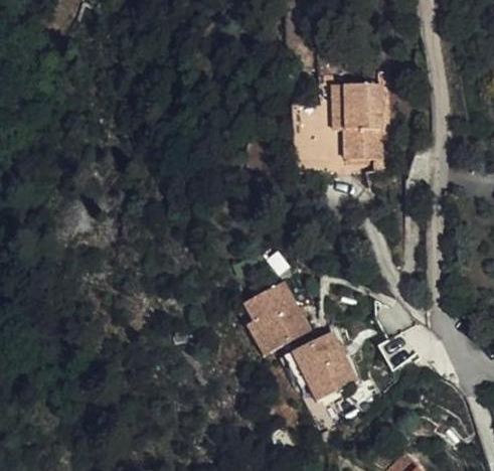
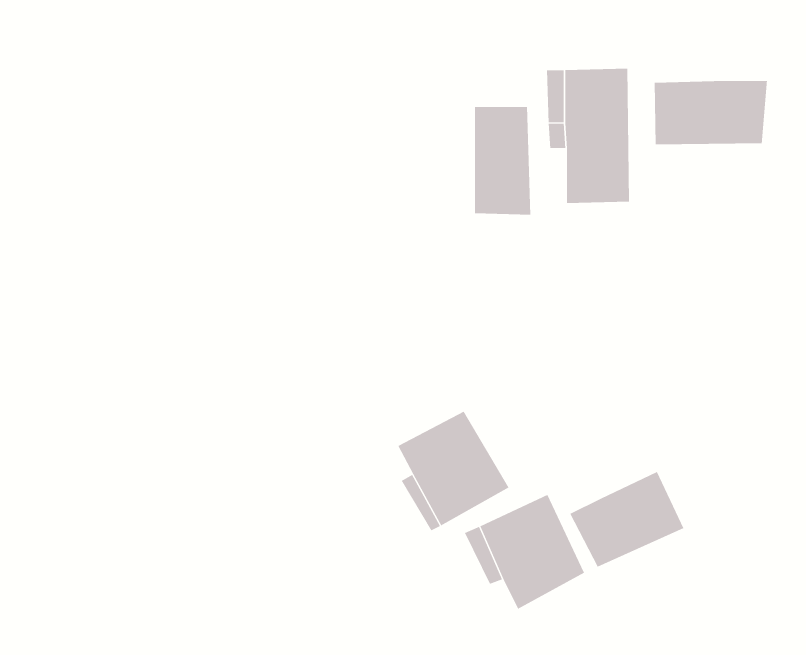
building: none -> [654,80,767,145]
building: none -> [570,471,684,568]

